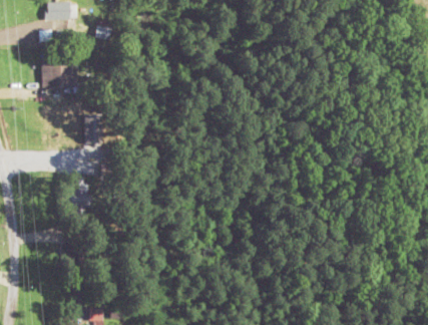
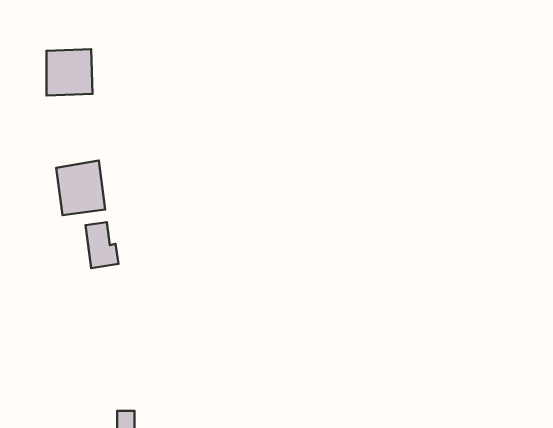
building: none -> [56,161,105,215]

